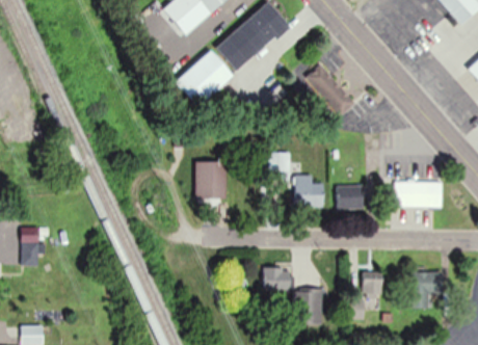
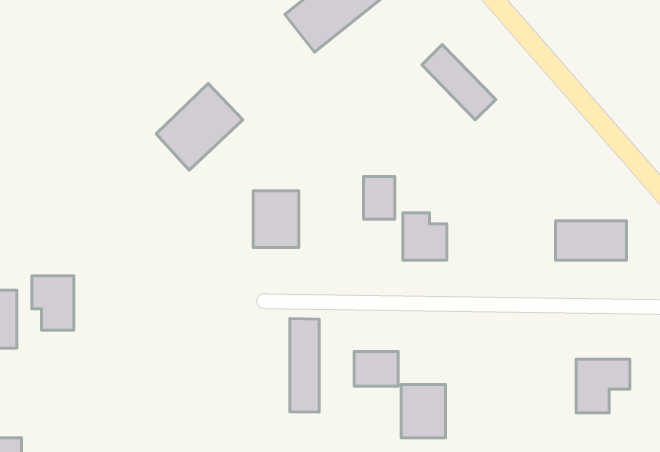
building: [177,49,234,106] -> [156,84,243,170]
building: [337,185,363,208] -> none
building: none -> [32,276,74,330]
building: none -> [290,319,319,412]
building: [351,271,382,318] -> none

